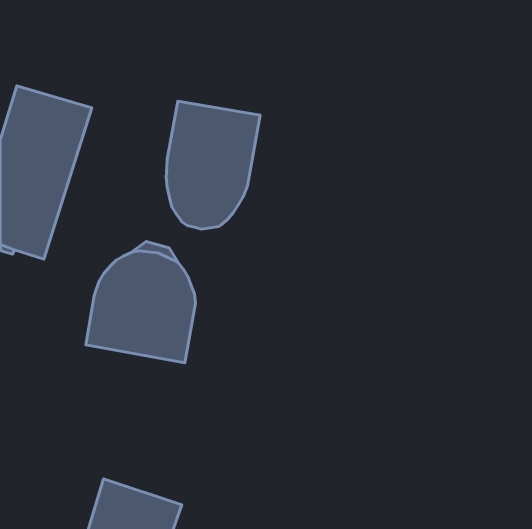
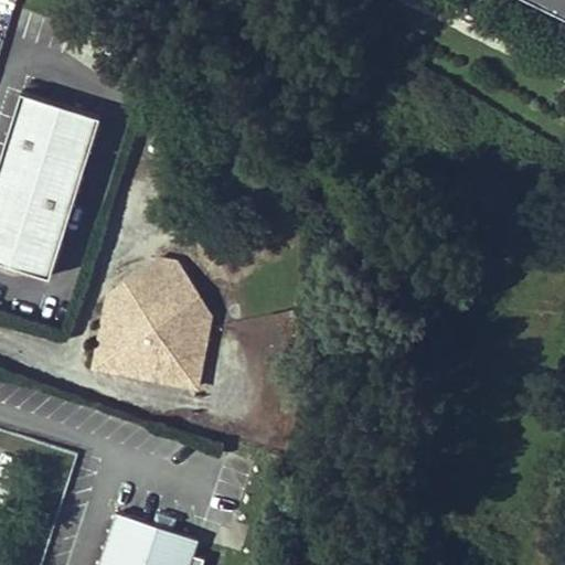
building: [166,101,260,229] -> none

